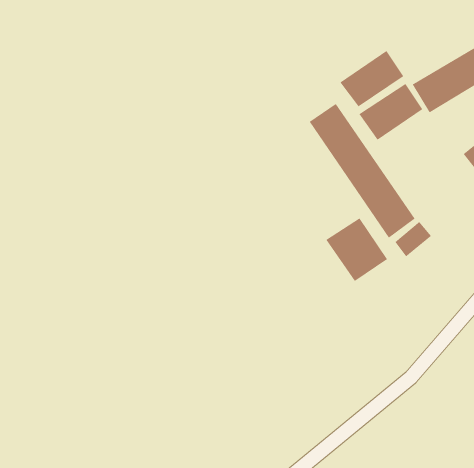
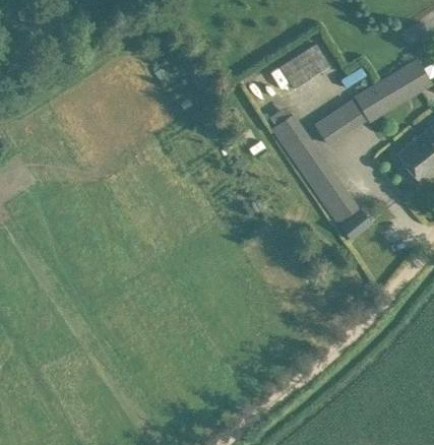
building: [340,50,404,107] -> [278,42,331,88]
building: [326,217,388,282] -> none

